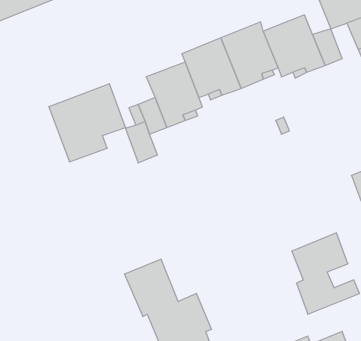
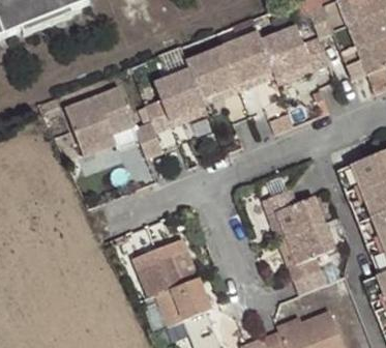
building: none -> [262,186,325,237]

